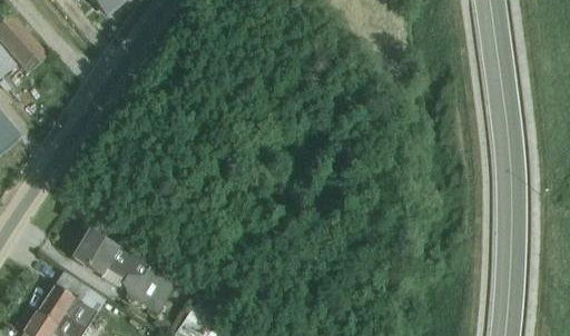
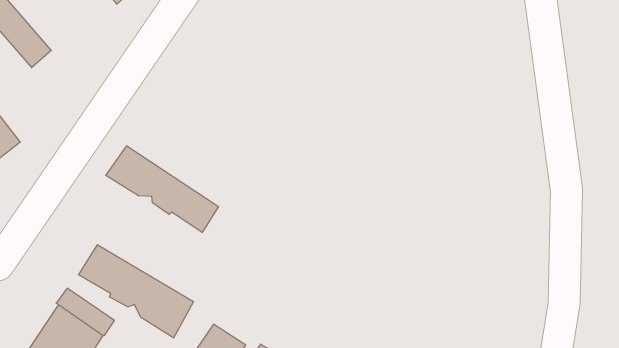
building: none -> [106,146,218,233]

